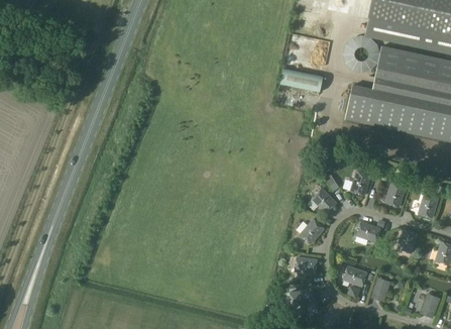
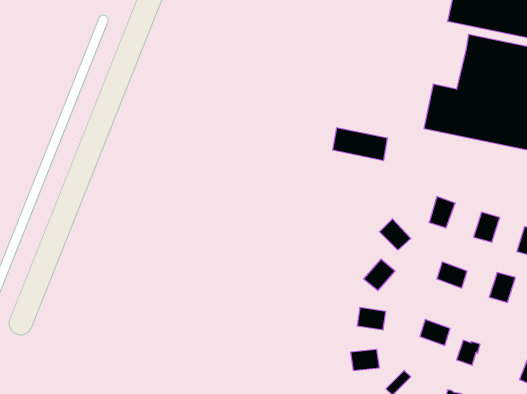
building: [279,67,322,92] -> [333,128,388,160]

